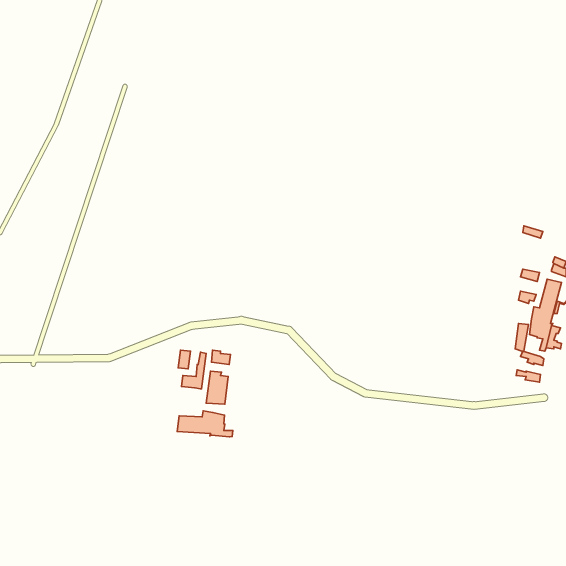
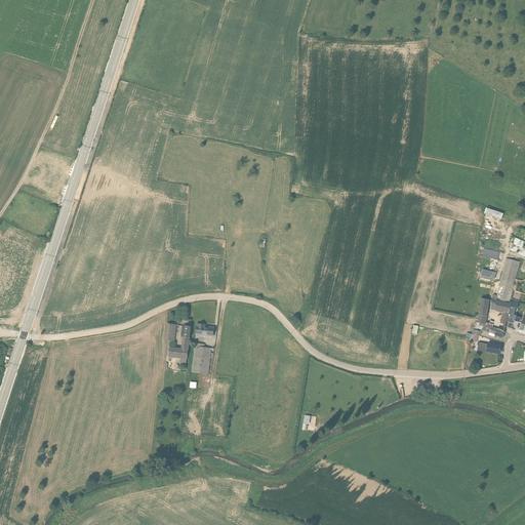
building: [177,411,233,437] -> none

